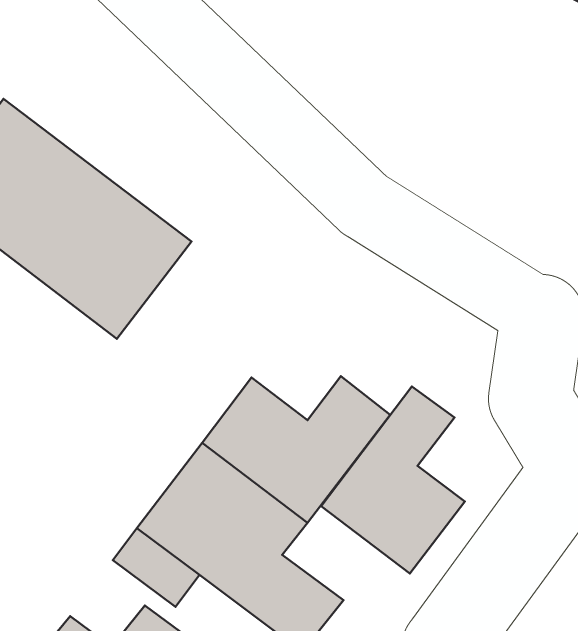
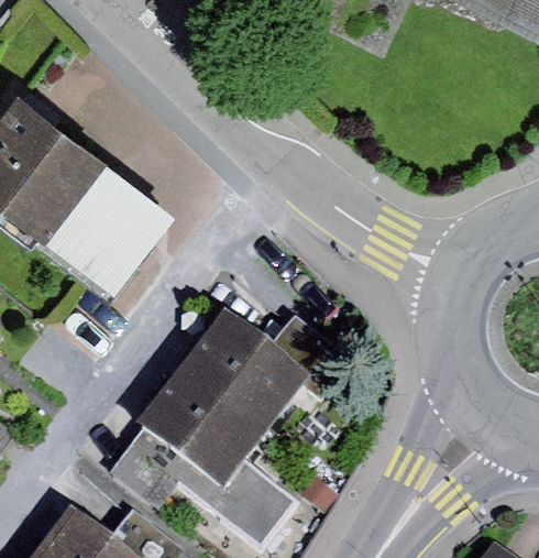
building: [321,386,465,573] -> none

